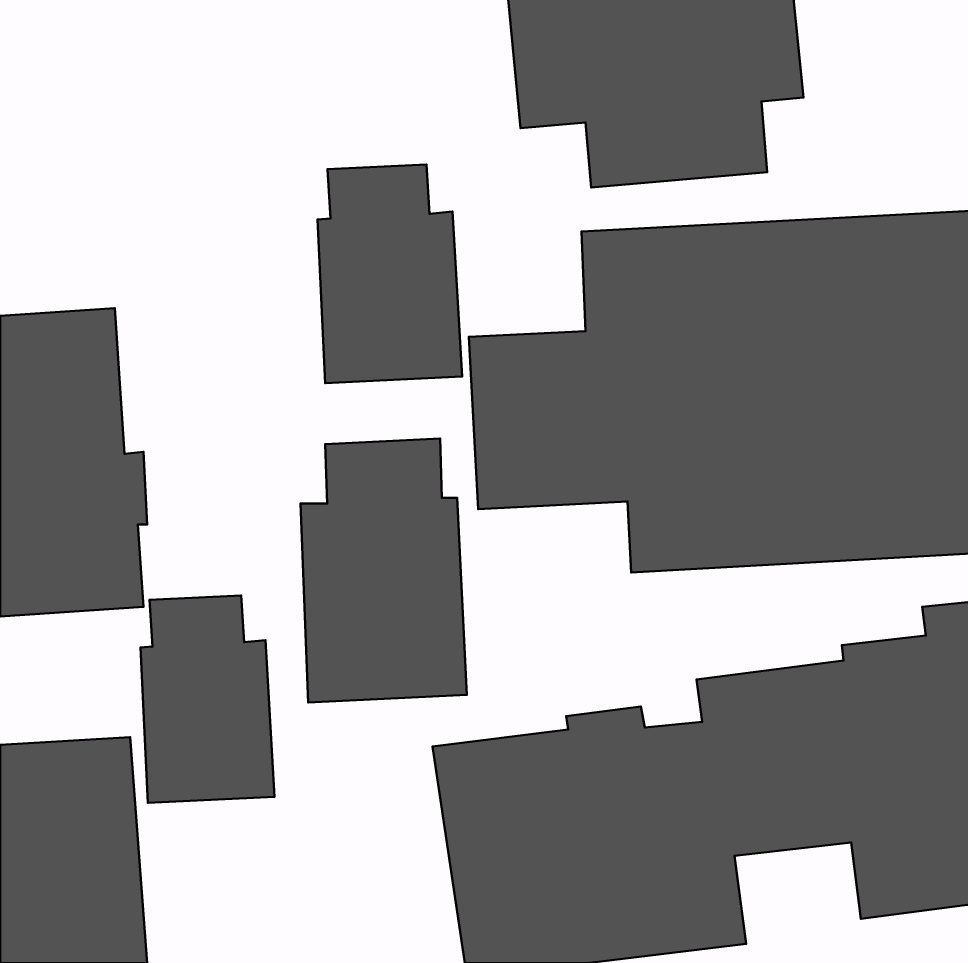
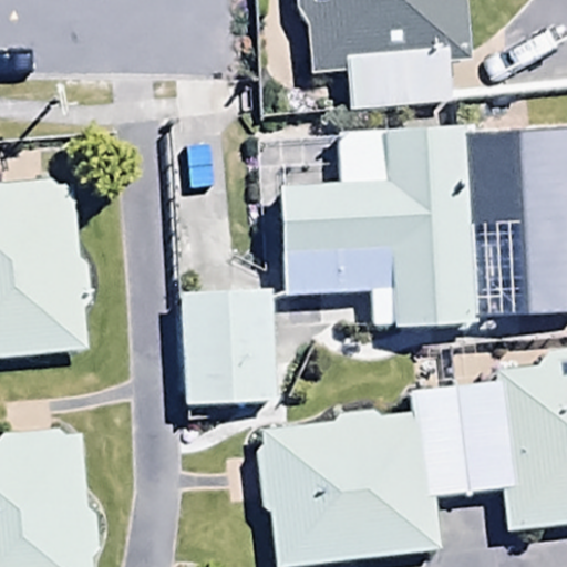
building: [317,165,462,383] -> none
building: [140,596,274,803] -> none

